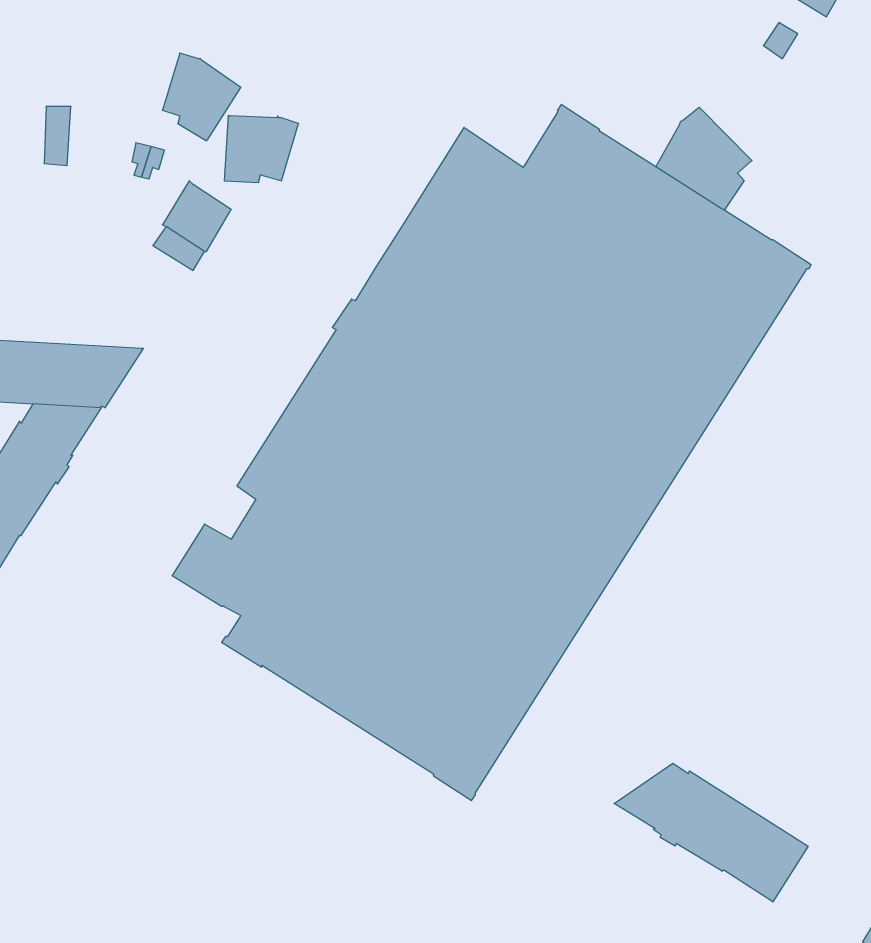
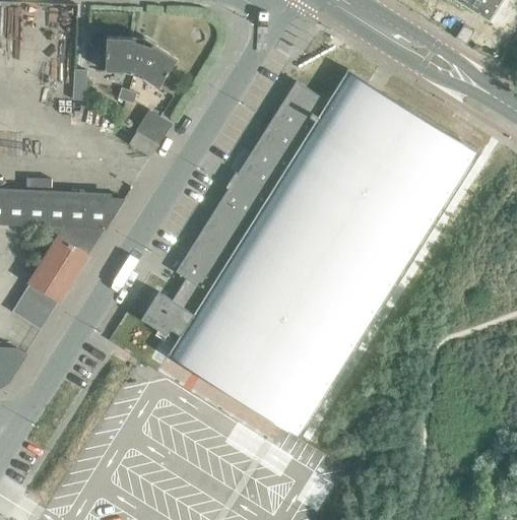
building: [656,107,752,210] -> none
building: [224,116,299,183] -> [105,37,144,72]
building: [614,763,808,902] -> none

